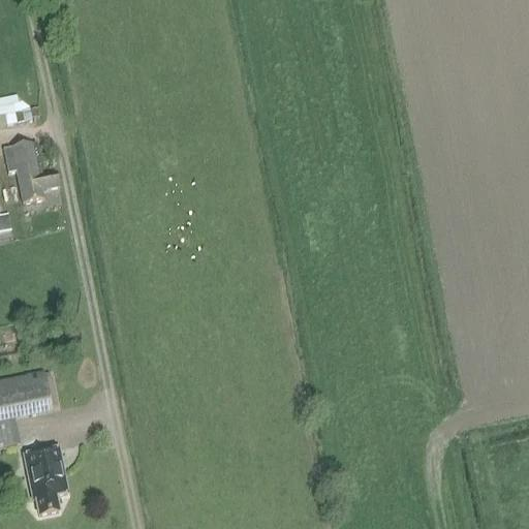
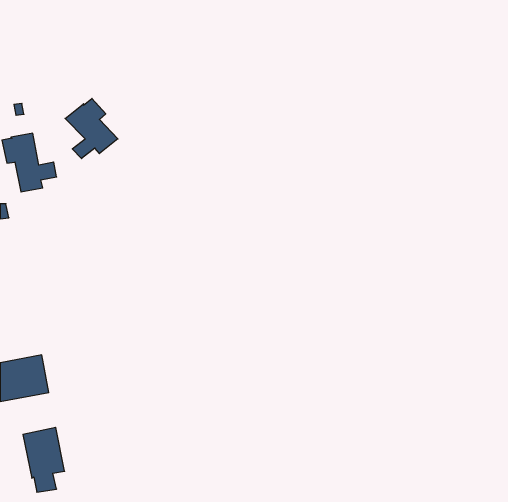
building: none -> [65,98,118,159]

